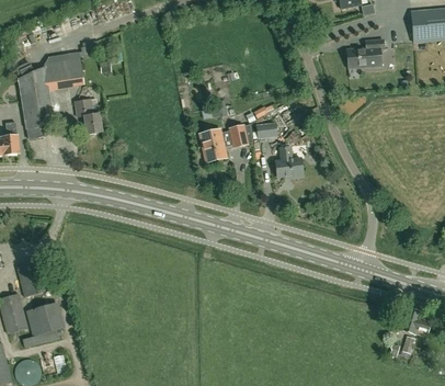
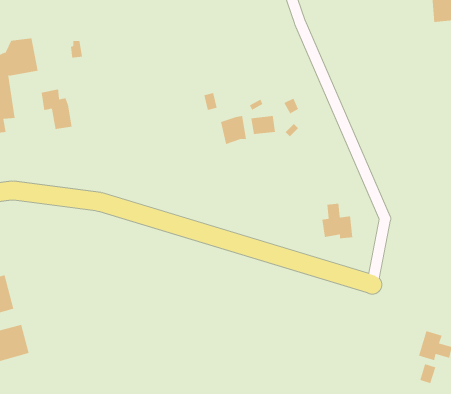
building: [345,38,384,68] -> none
building: [199,129,226,161] -> none
building: [275,147,303,178] -> [321,203,353,239]

